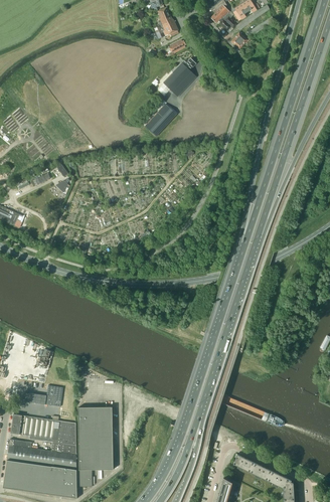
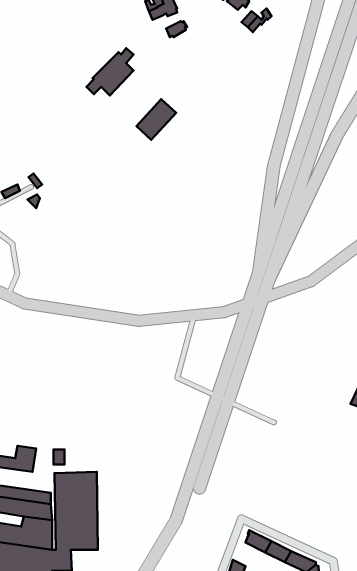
building: [157,58,195,97] -> [86,48,133,95]

